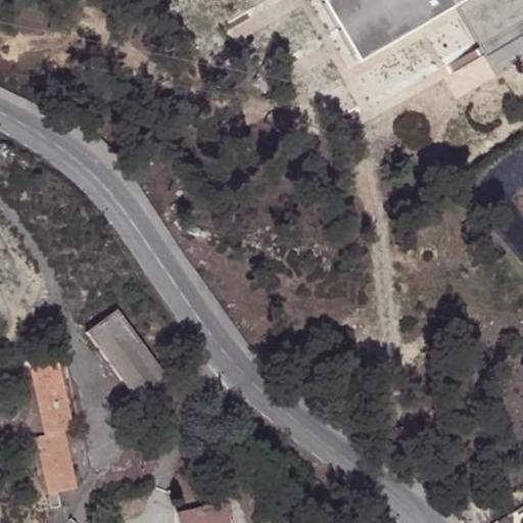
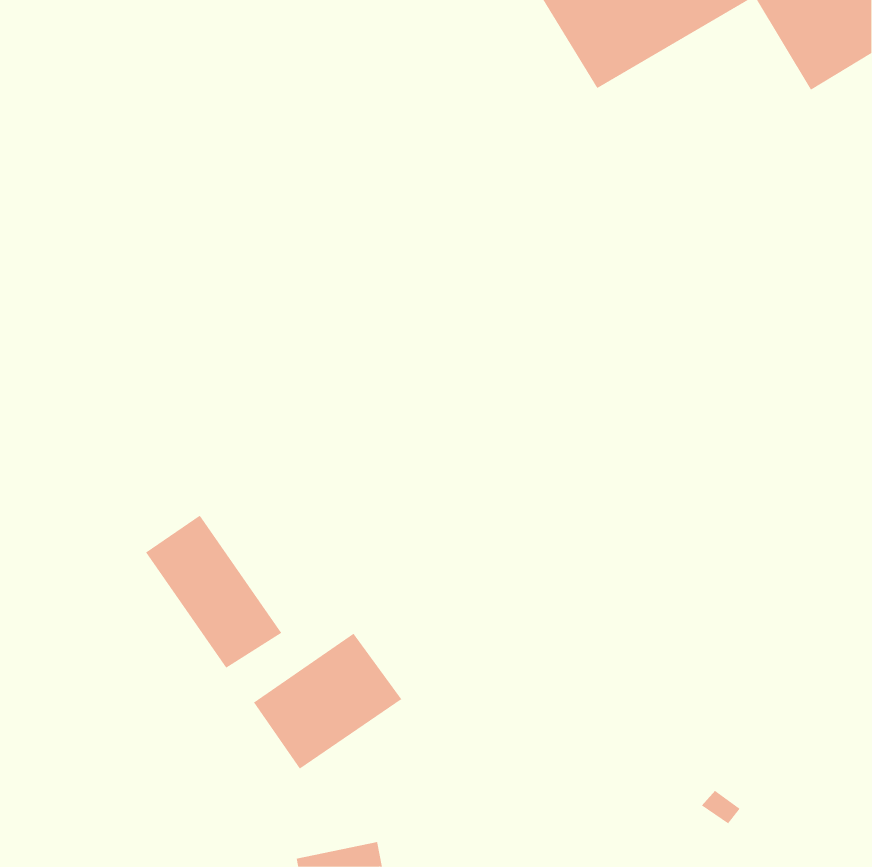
building: [30,354,74,506] -> none
building: none -> [253,633,402,770]

